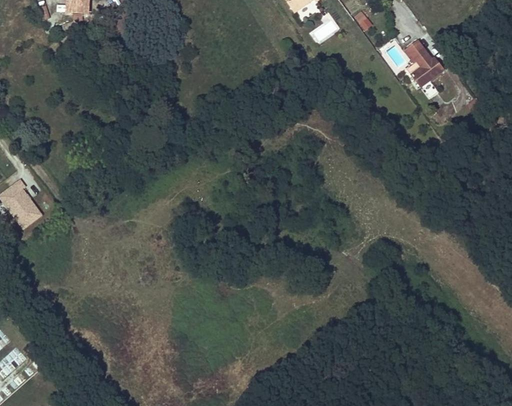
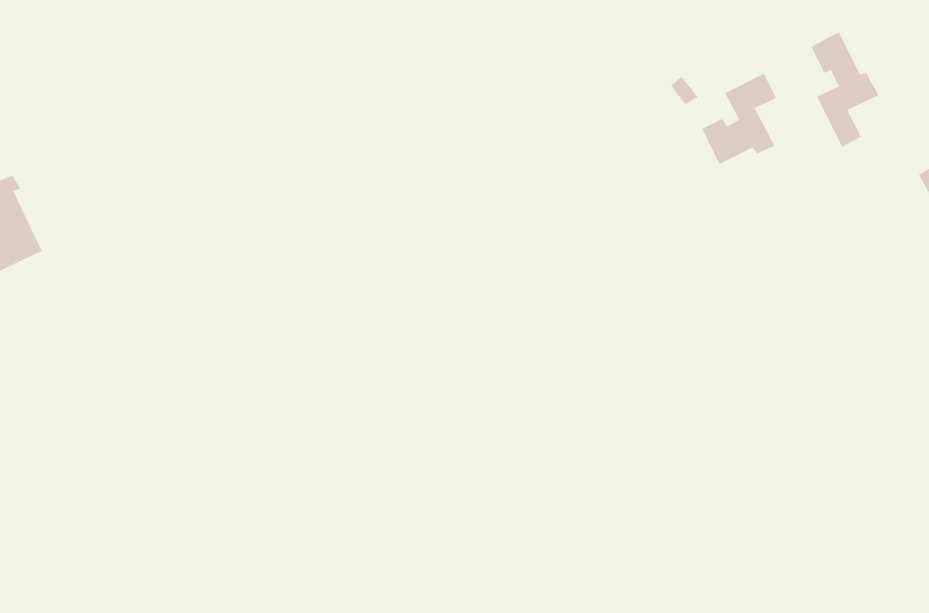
building: none -> [701,73,777,165]

